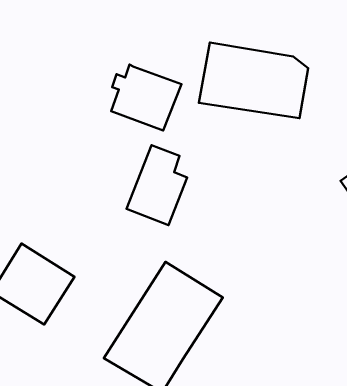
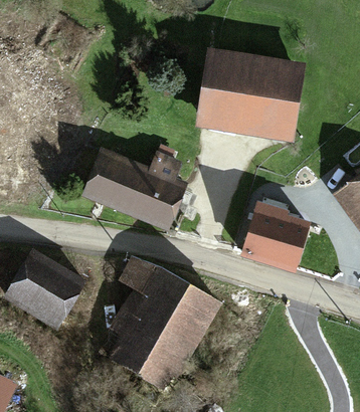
building: [111,65,182,131] -> [84,154,150,215]
building: none -> [241,208,306,268]
building: none -> [100,255,169,354]

